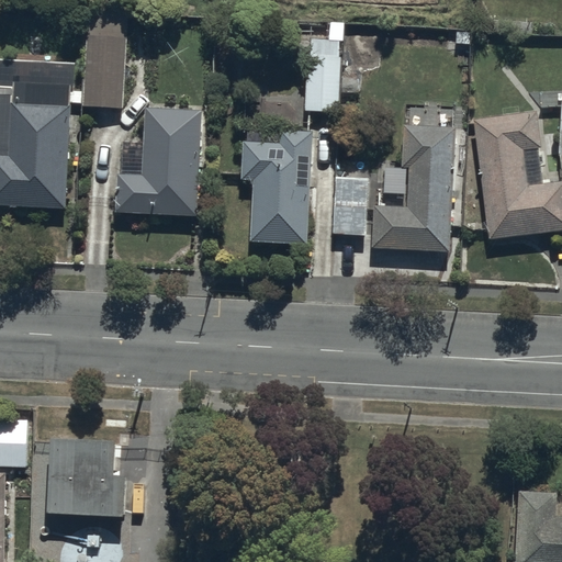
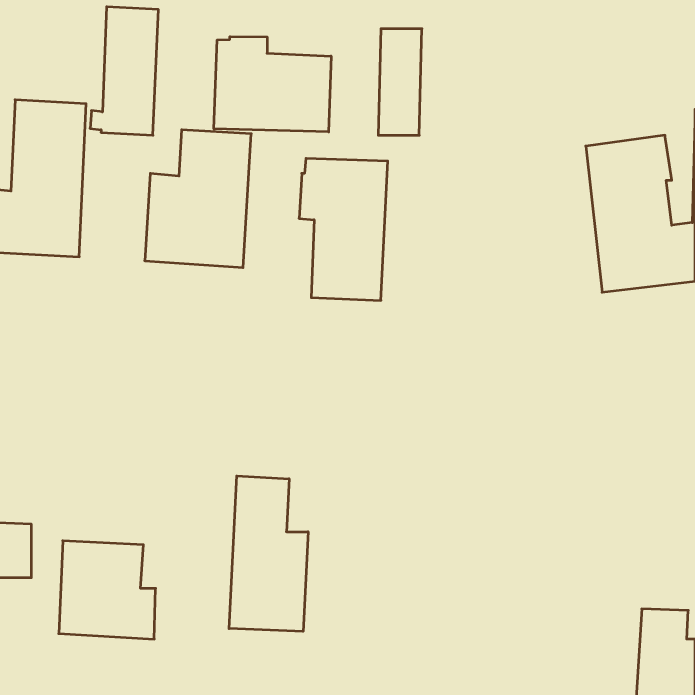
building: none -> [214,37,331,132]
building: [371,125,454,252] -> none
building: [330,178,369,237] -> none
building: none -> [229,476,308,631]

